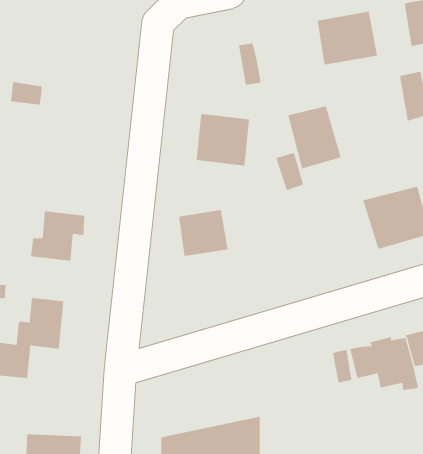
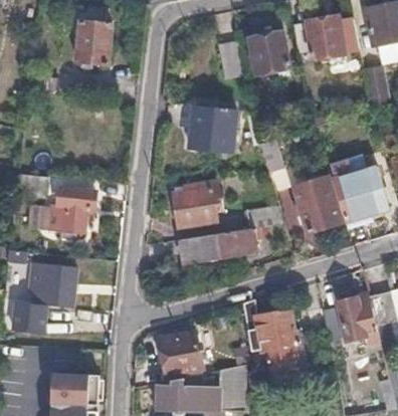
building: none -> [75,14,112,65]
building: none -> [249,34,287,74]
building: [288,106,342,169] -> [292,179,339,233]
building: none -> [180,229,254,261]
building: none -> [252,309,294,372]
building: none -> [160,331,202,374]

